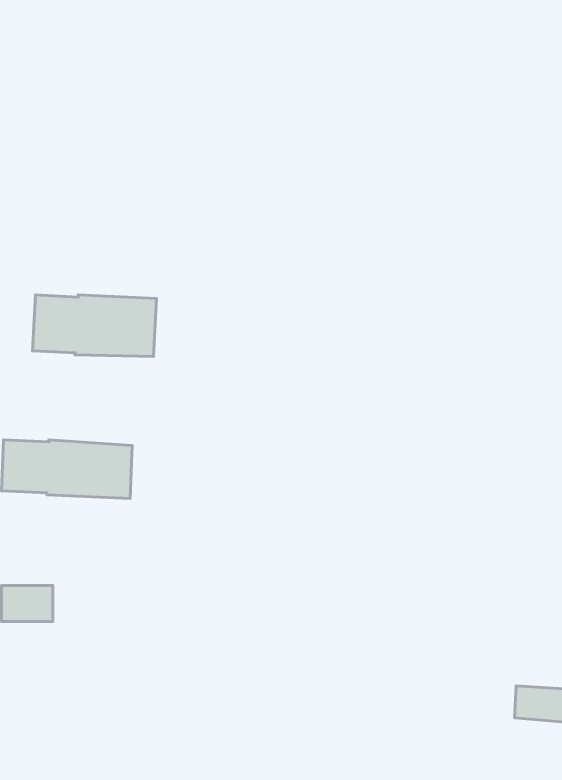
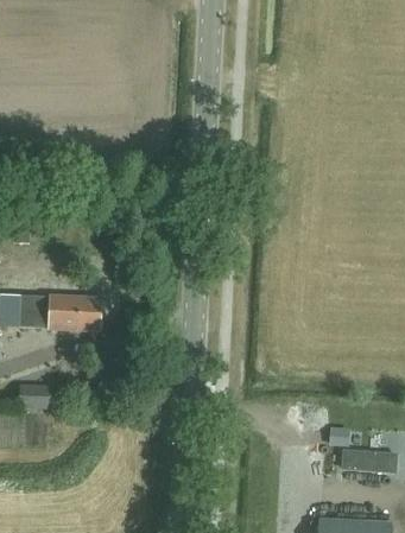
building: [32,295,156,356] -> none

